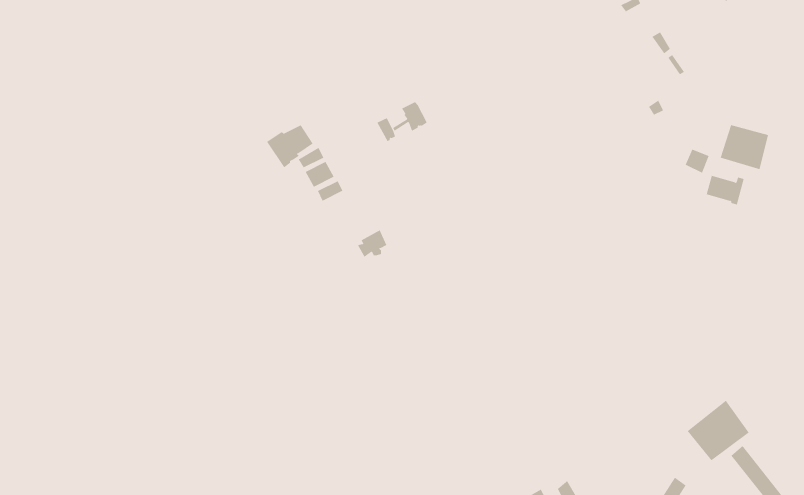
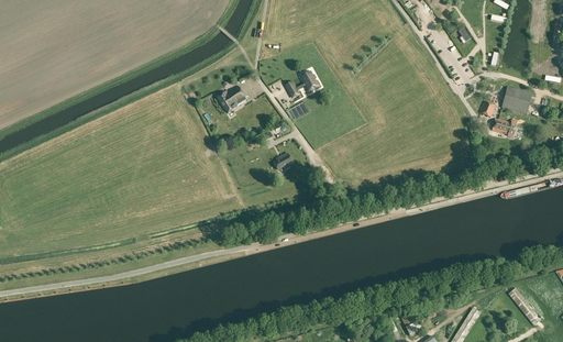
building: [687,400,749,461] -> none

